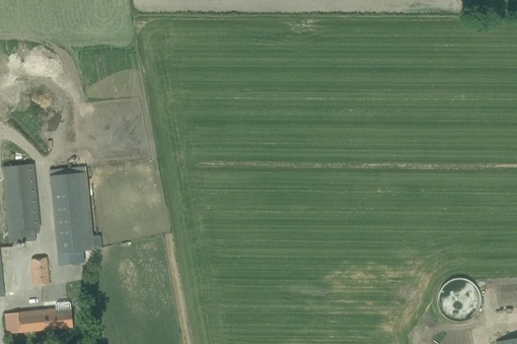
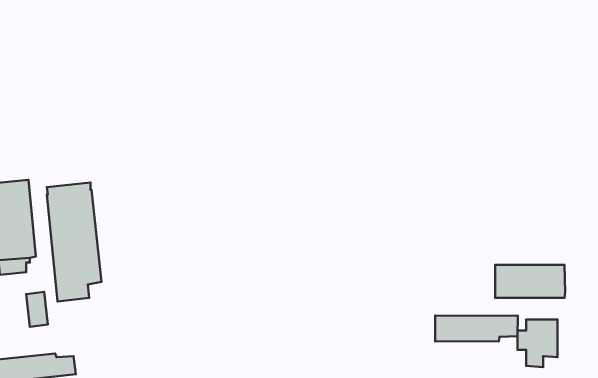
building: none -> [495,265,565,298]
building: none -> [435,316,518,341]

